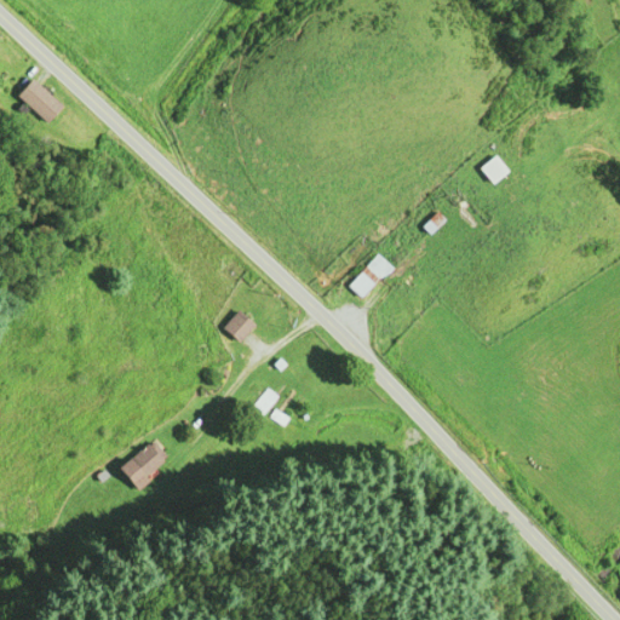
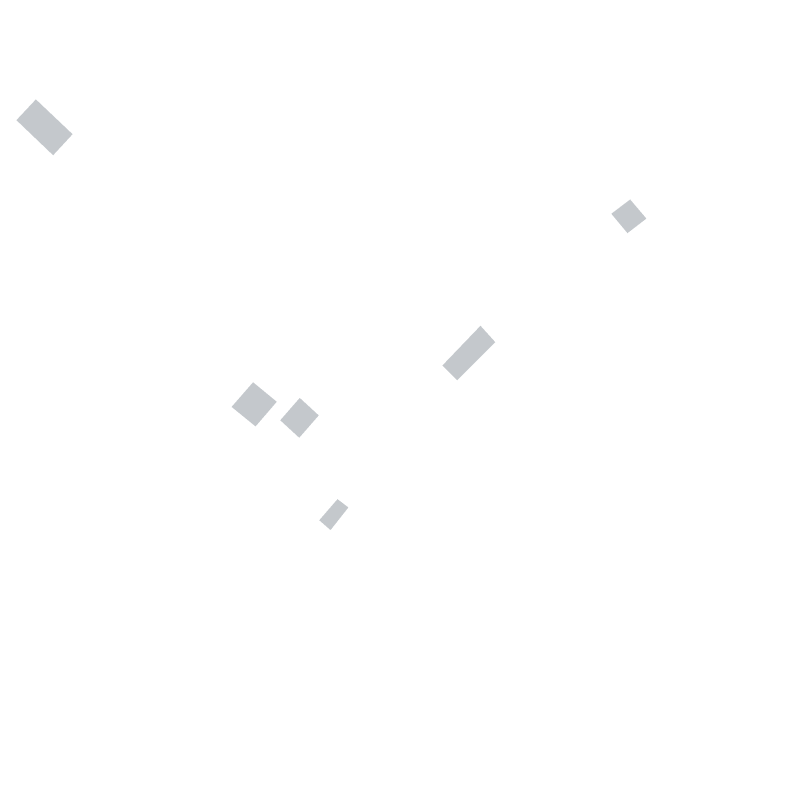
building: none -> [231,381,278,428]
building: [120,440,172,489] -> none

